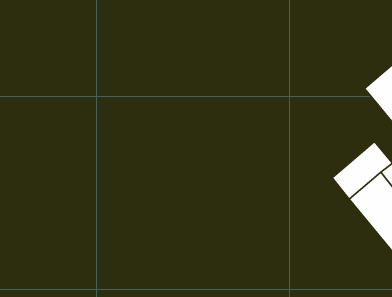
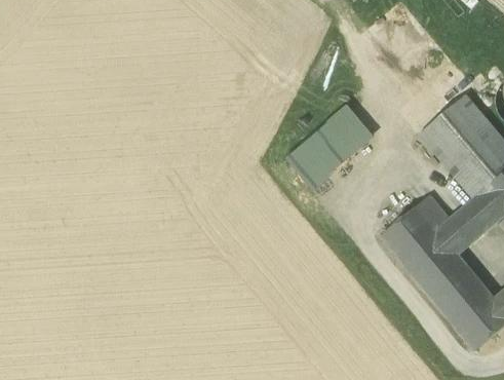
building: none -> [285,107,374,190]

